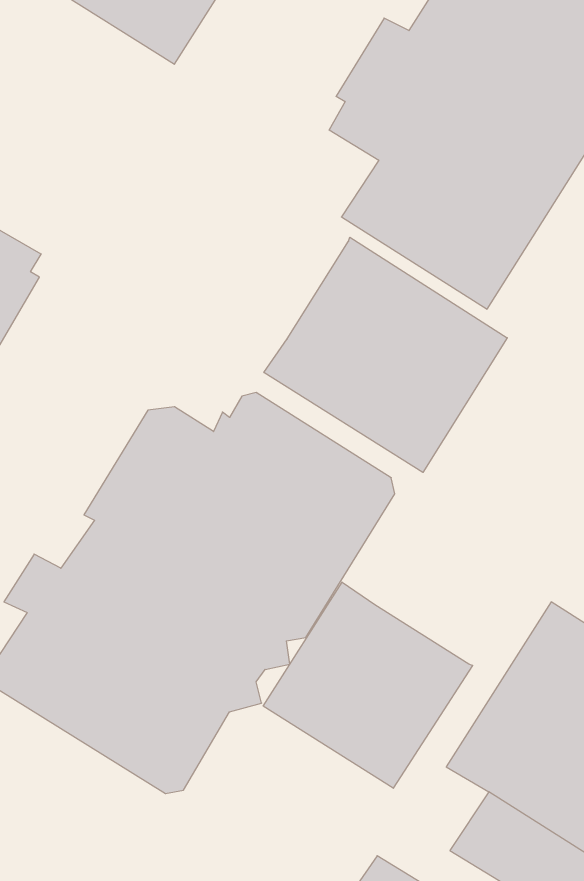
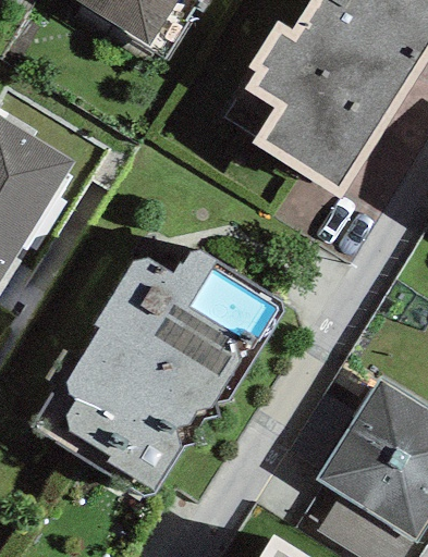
building: [264,237,507,472] -> none
building: [263,582,473,788] -> none

